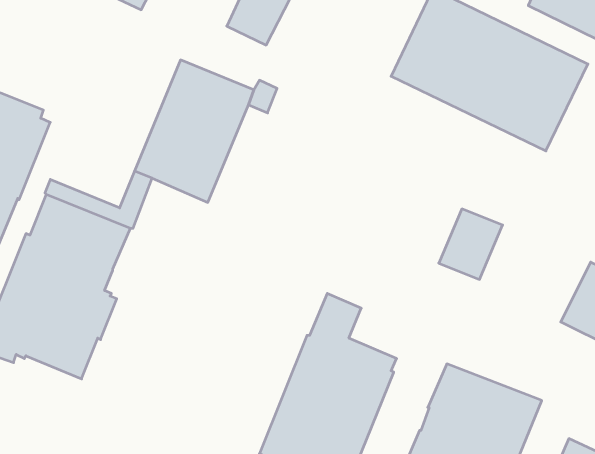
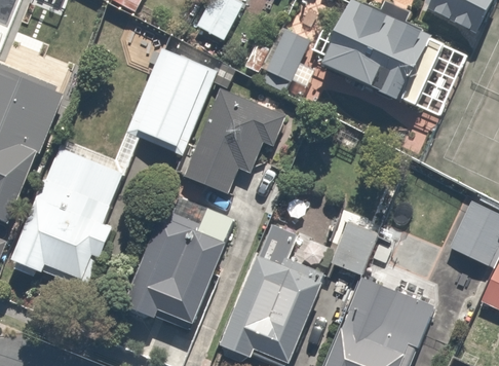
building: none -> [239,34,302,78]
building: none -> [182,87,283,194]
building: [439,209,503,279] -> [329,221,377,274]
building: none -> [122,195,232,330]

